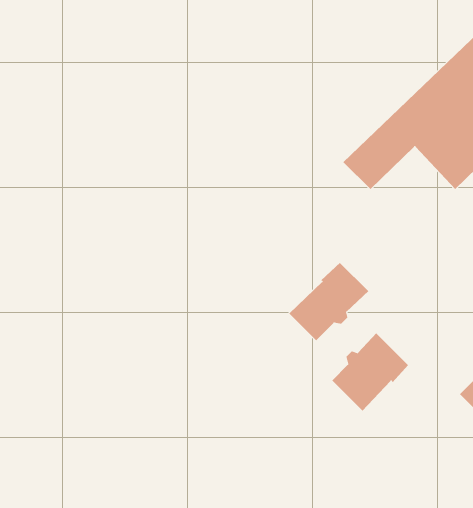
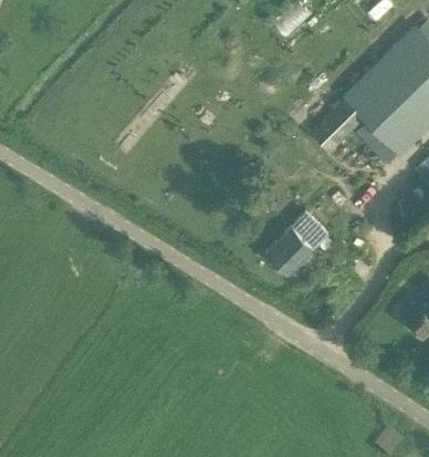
building: [331,332,409,412] -> none

